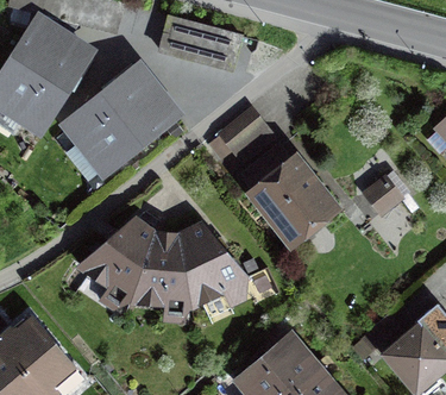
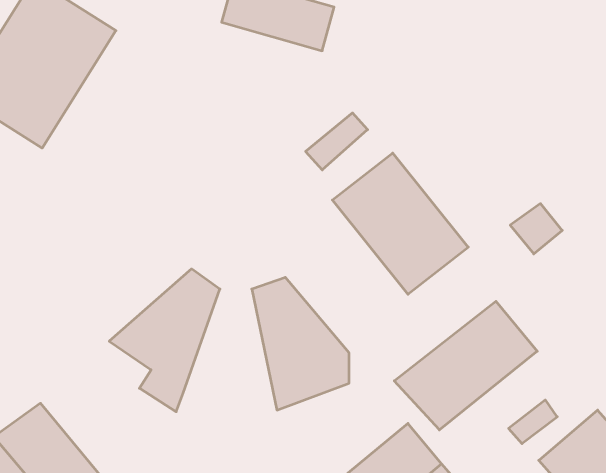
building: [49,61,170,176] -> none
building: [132,233,199,327] -> none
building: none -> [394,301,537,430]

